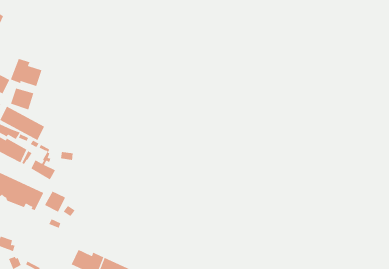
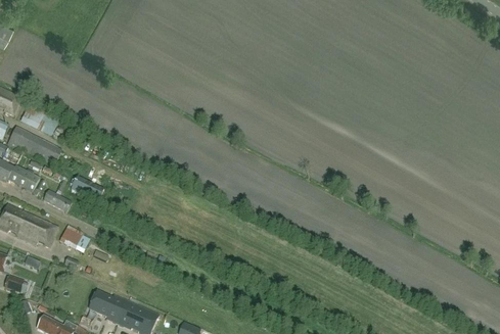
building: [10,58,42,87] -> none

